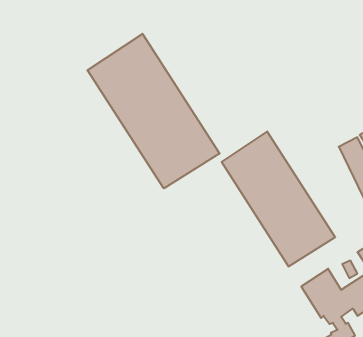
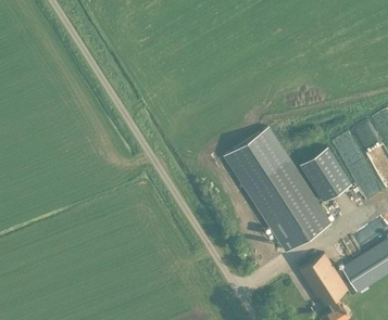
building: [87,34,220,188] -> none
building: none -> [300,148,351,202]

